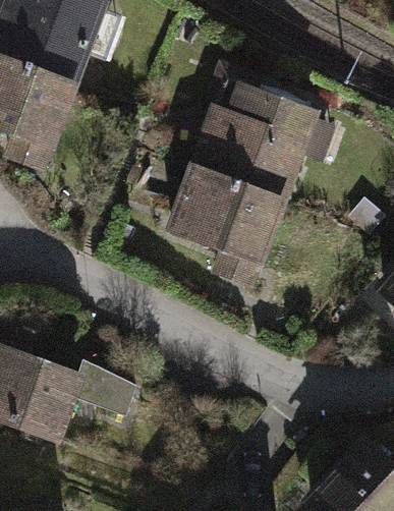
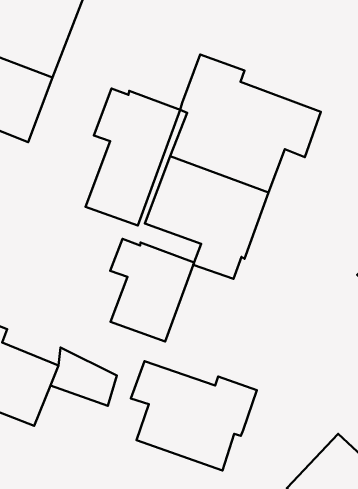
building: none -> [86,89,180,226]
building: none -> [110,239,194,342]
building: none -> [131,361,257,470]

